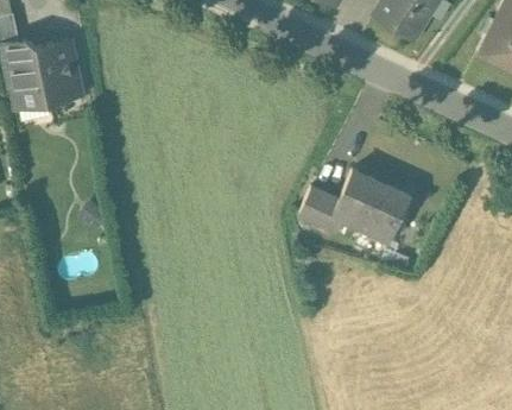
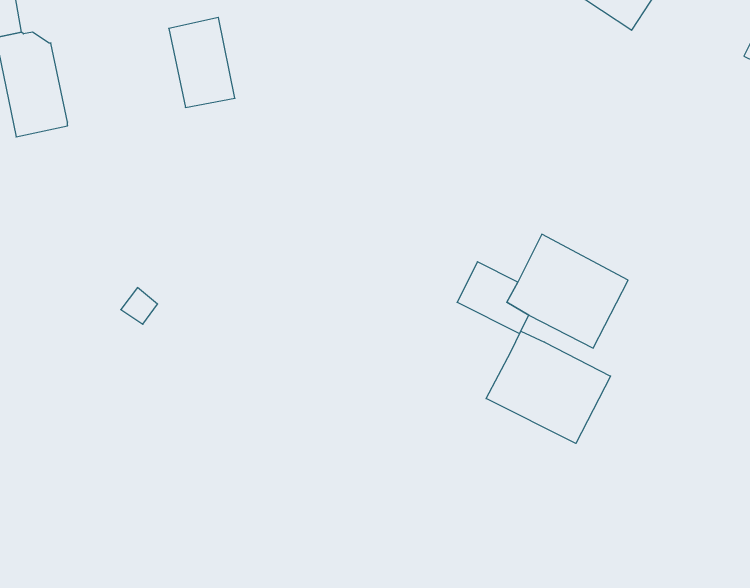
building: [38,40,81,99] -> [169,17,235,107]
building: none -> [486,331,611,443]

